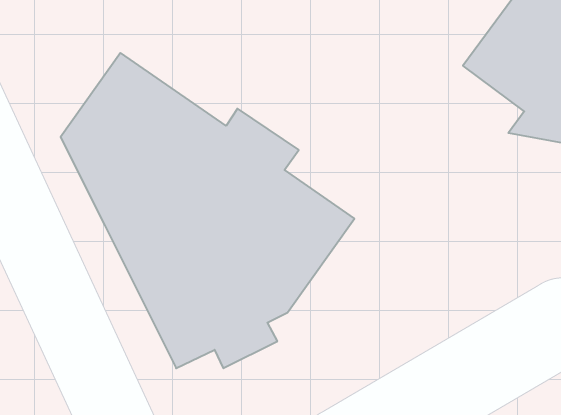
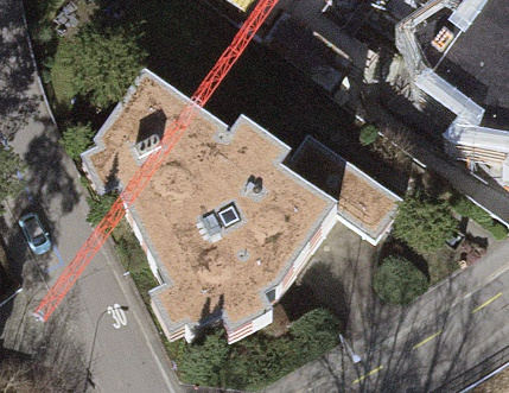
building: none -> [276,129,401,236]

